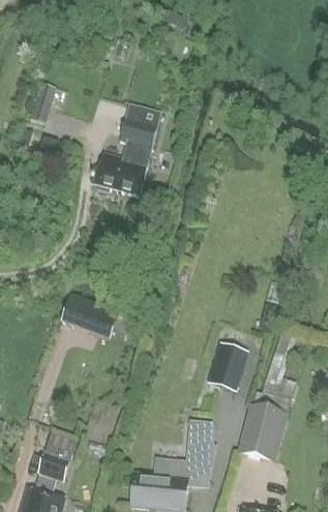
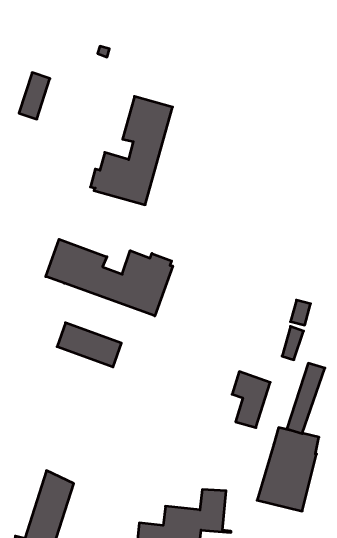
building: none -> [46,239,173,316]
building: [192,419,214,445] -> none

